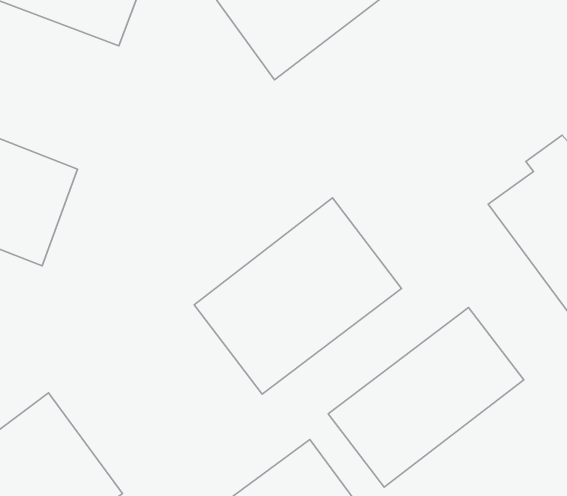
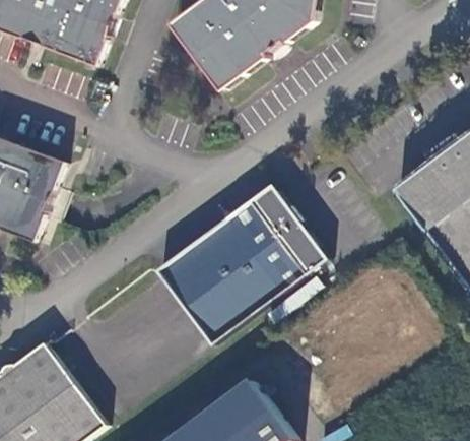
building: [328,308,524,487] -> none

